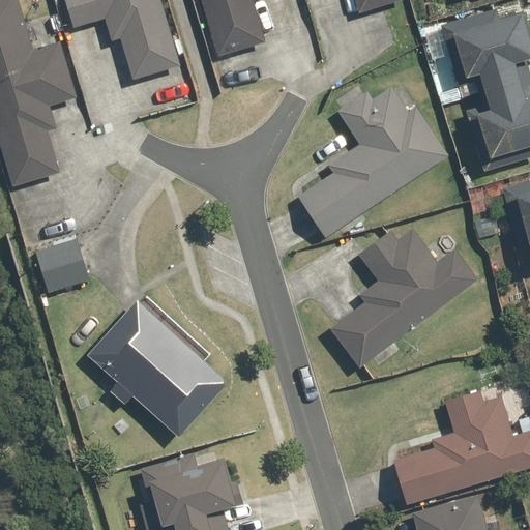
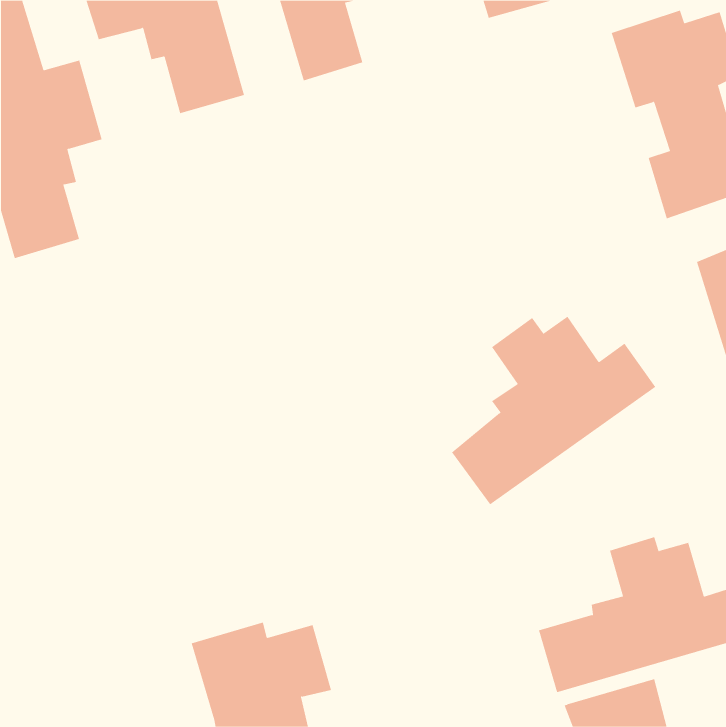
building: [296,88,447,237] -> none
building: [31,237,88,294] -> none
building: [87,300,228,440] -> none

